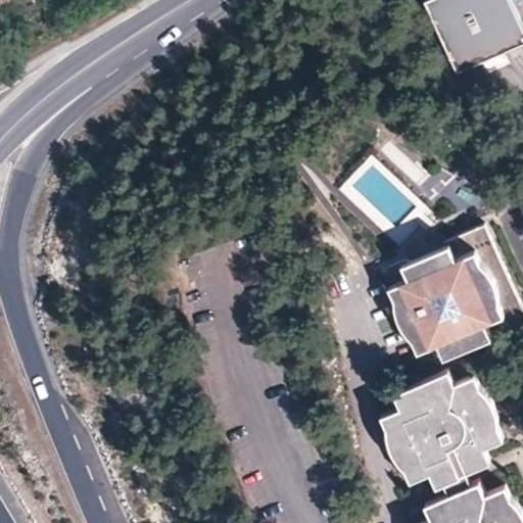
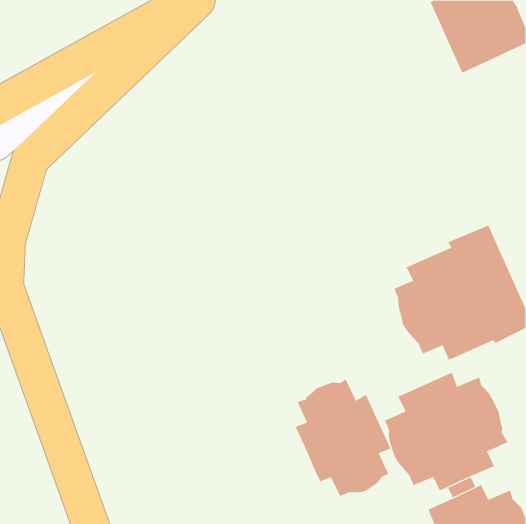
building: none -> [295,379,391,497]

